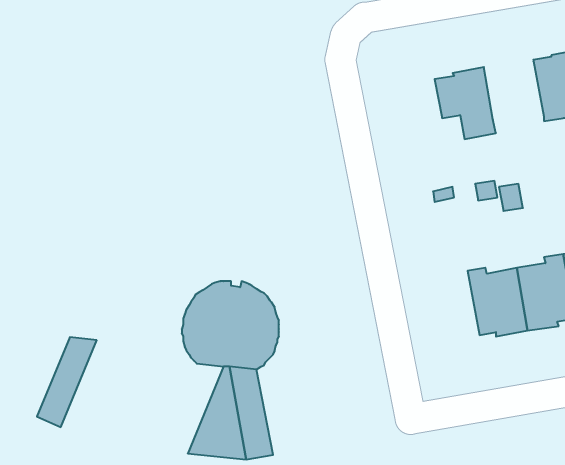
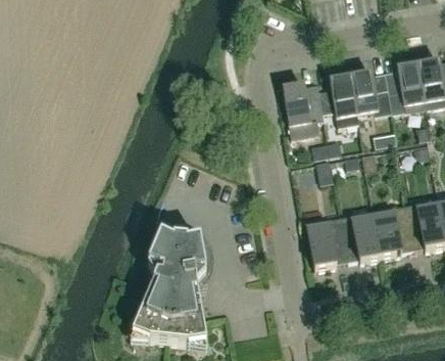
building: none -> [350,73,391,115]
building: none -> [282,85,323,137]
building: none -> [306,216,347,269]
building: [37,337,97,427] -> [132,279,172,341]

